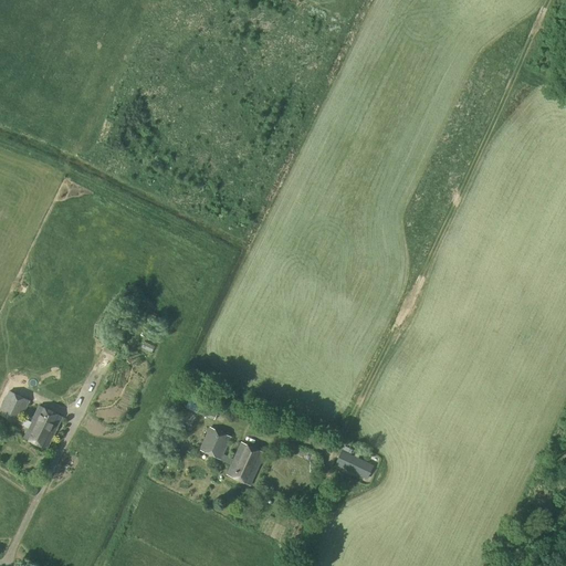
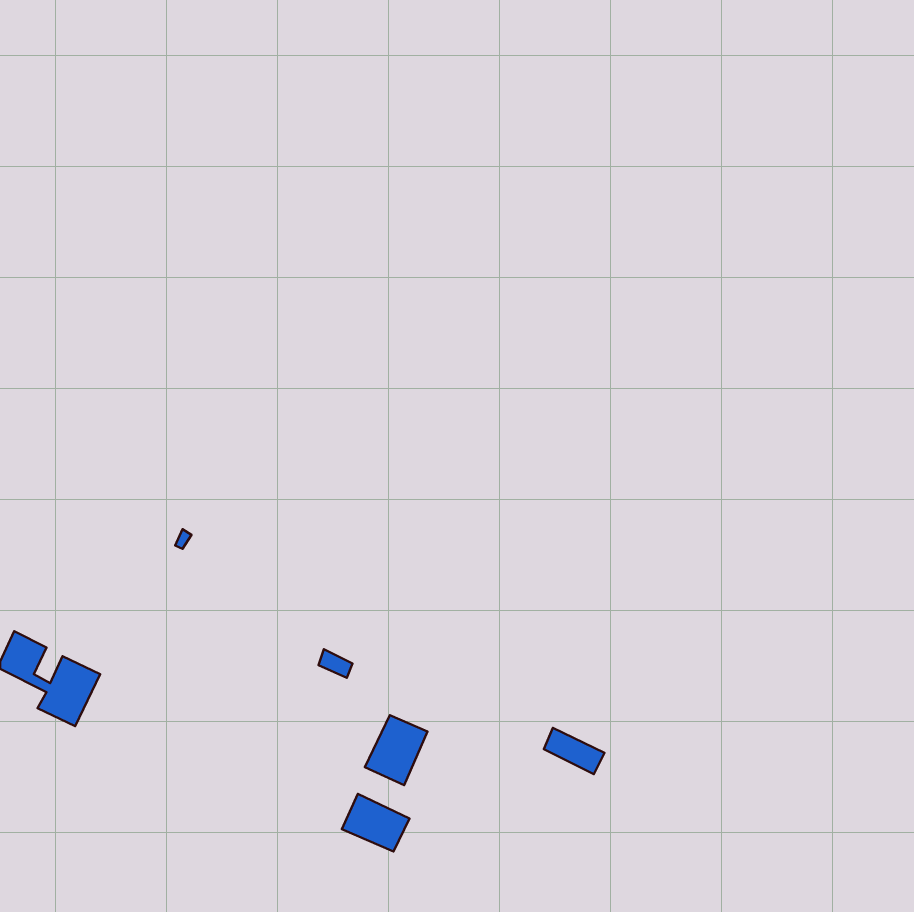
building: [198,426,231,460] -> none
building: none -> [342,794,410,852]

